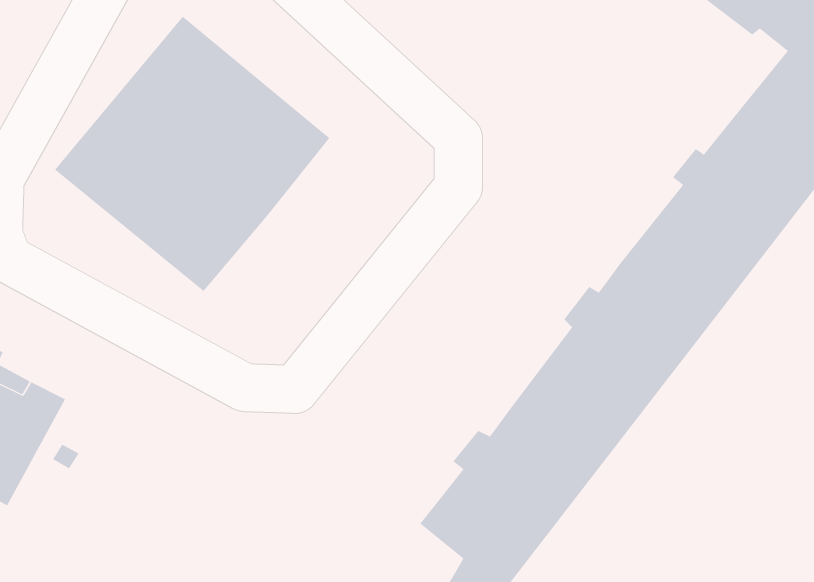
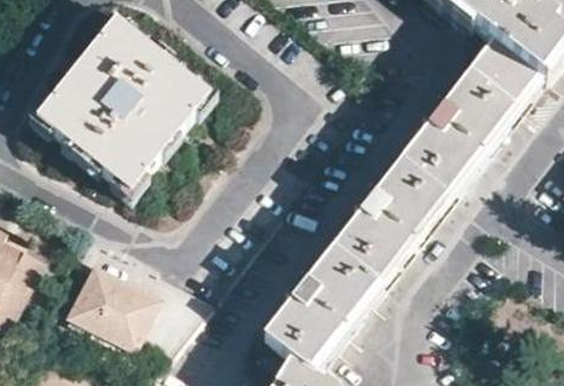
building: none -> [67,262,158,345]

